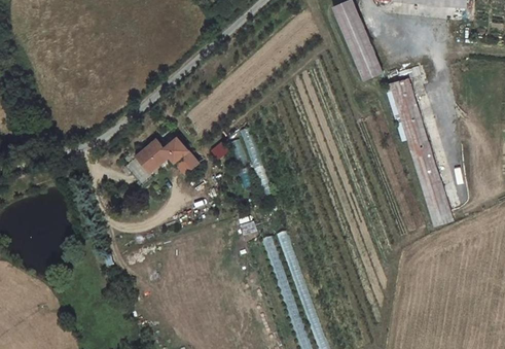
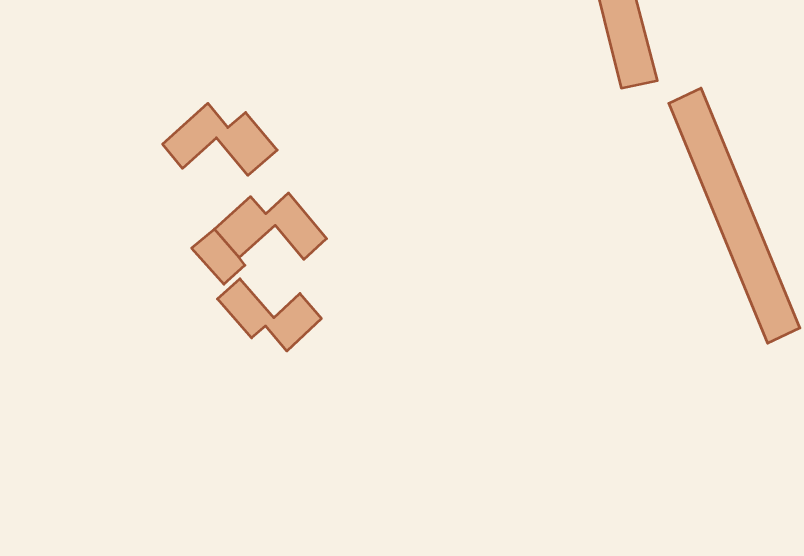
building: none -> [163,103,277,175]
building: none -> [217,279,321,351]

